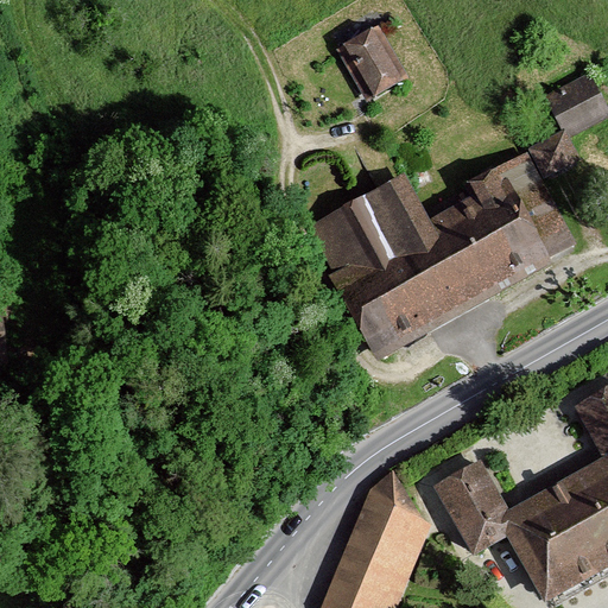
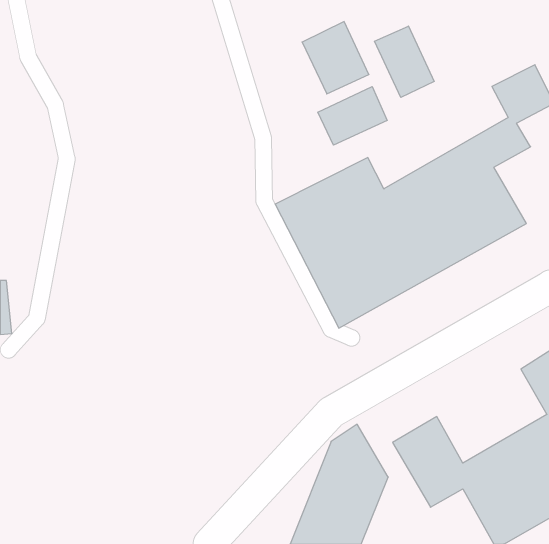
building: none -> [375,26,434,97]
building: none -> [318,87,387,145]

